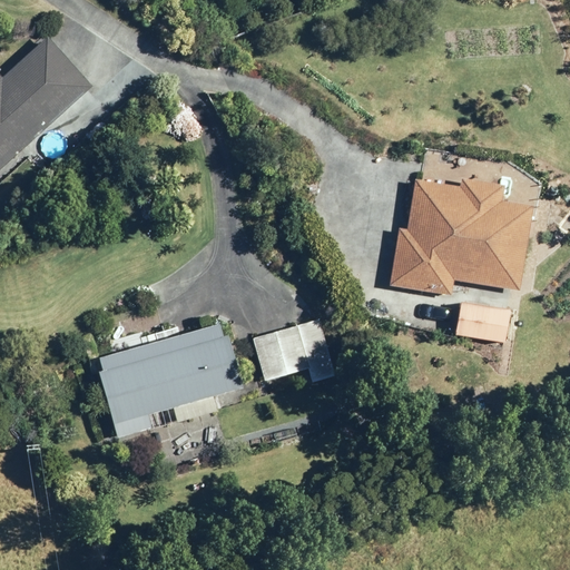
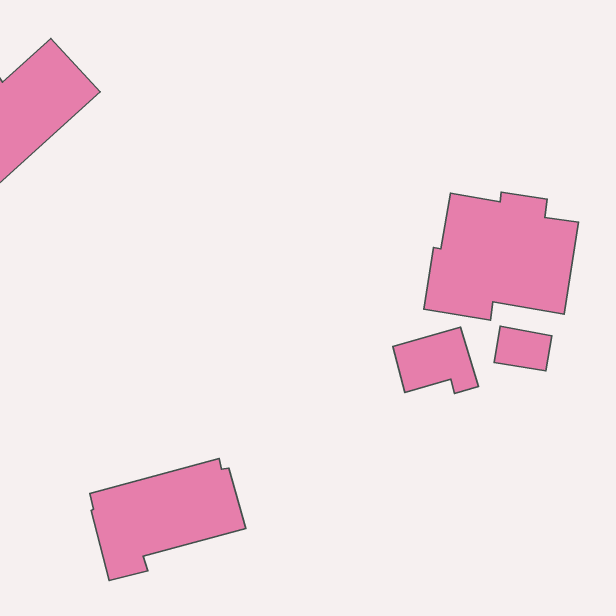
building: [255,320,334,381] -> [393,327,479,394]
building: [99,324,243,436] -> [90,458,246,580]

